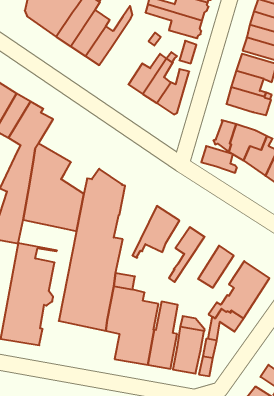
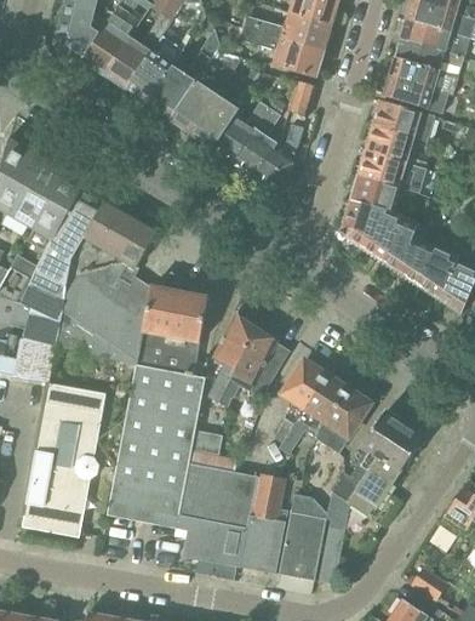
building: none -> [168,47,236,147]
building: none -> [78,199,156,286]
building: [201,146,237,173] -> [351,176,405,216]
building: none -> [206,315,254,403]
building: none -> [279,375,348,454]

